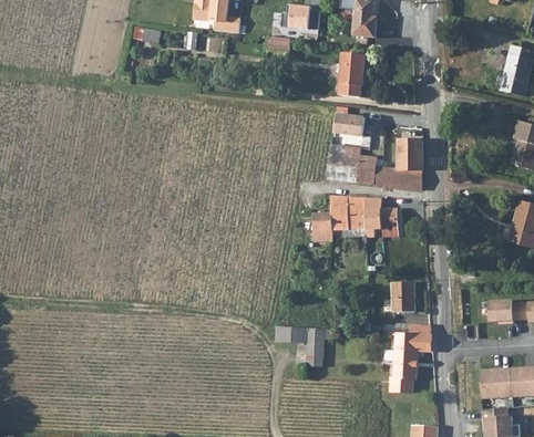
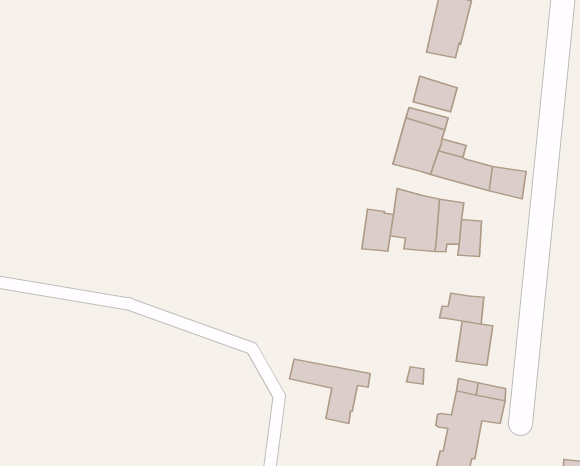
building: [397,139,421,169] -> none
building: none -> [440,293,484,324]

